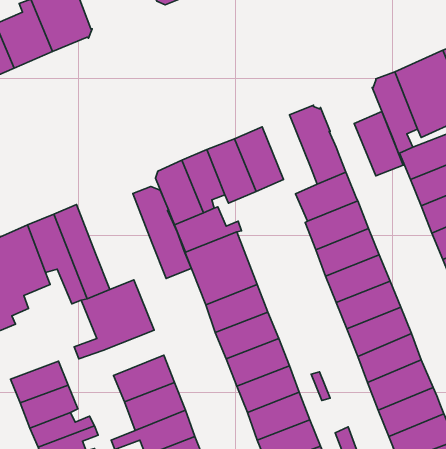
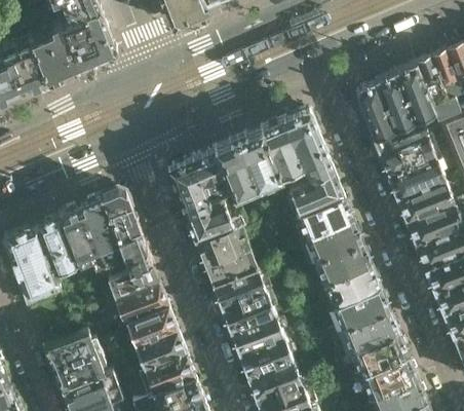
building: [354,111,403,176] -> [261,122,303,178]
building: [133,186,191,279] -> [102,193,152,272]
building: none -> [124,307,177,346]

